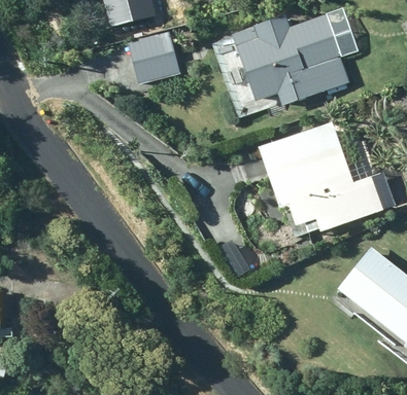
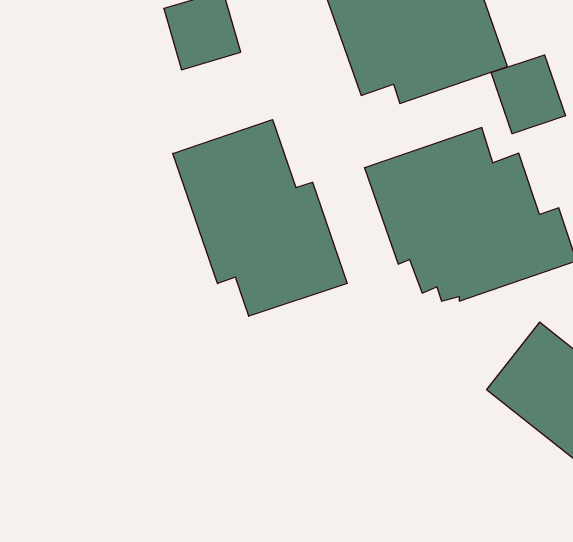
building: none -> [491,55,565,134]
building: none -> [173,120,347,316]

